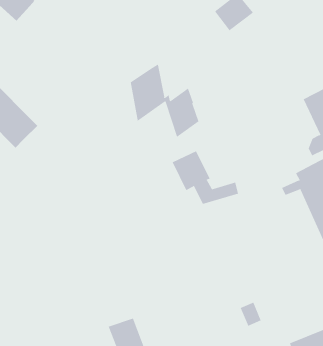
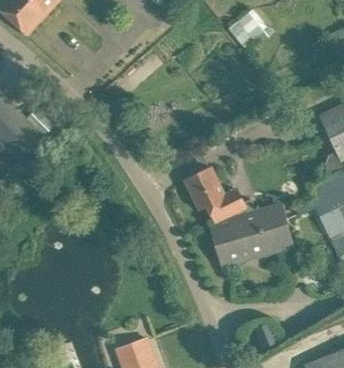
building: [130,63,199,138] -> none
building: none -> [209,204,293,266]

